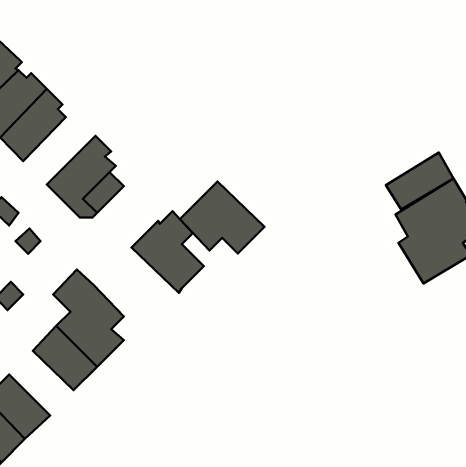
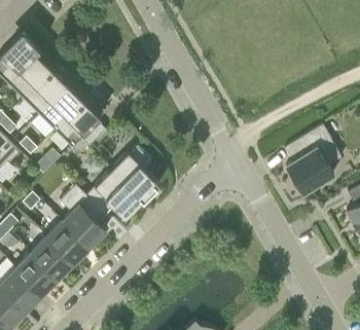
building: none -> [40,84,87,129]
building: [386,152,453,209] -> none
building: [180,181,264,254] -> [86,170,142,217]
building: none -> [31,237,73,280]

